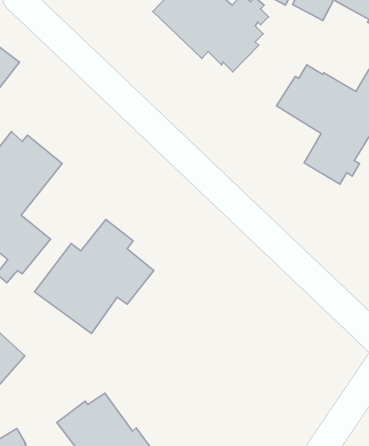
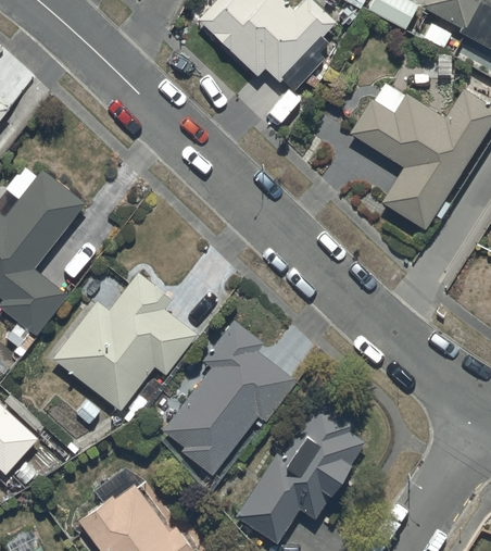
building: none -> [164,318,299,475]
building: none -> [237,400,366,542]

